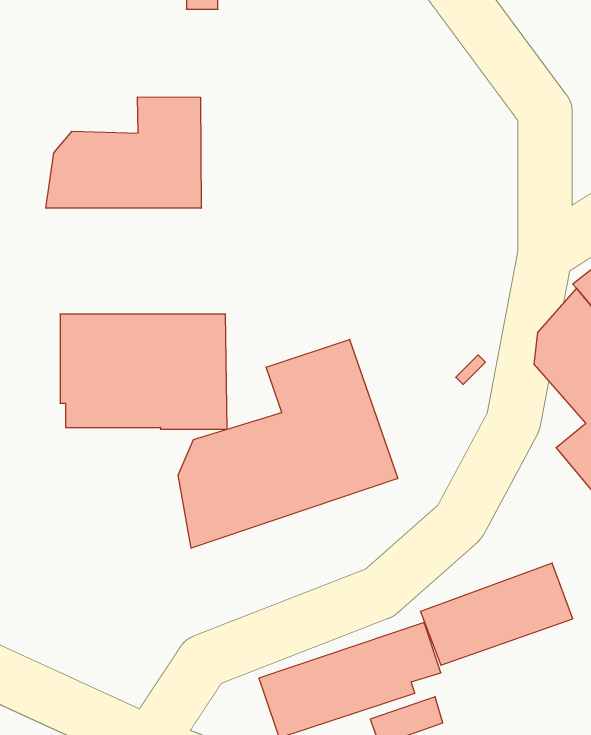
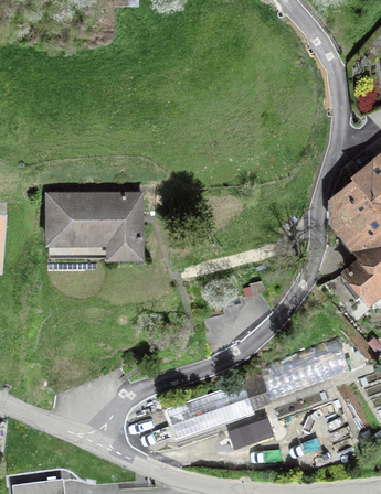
building: [46,97,201,208] -> none
building: [178,339,398,548] -> none

